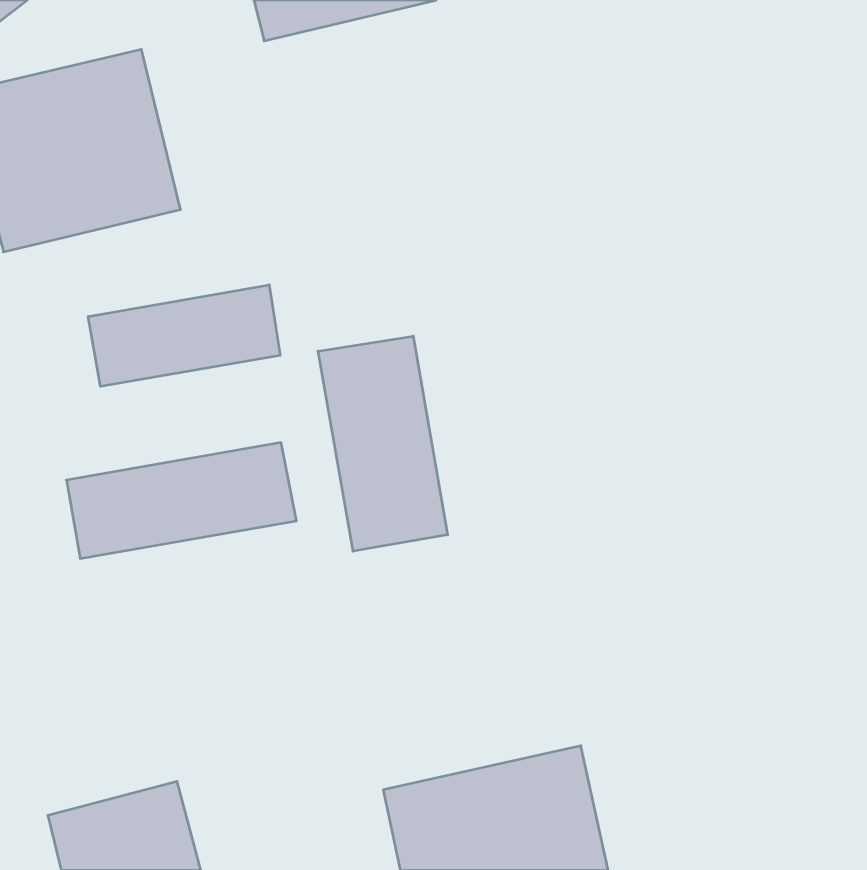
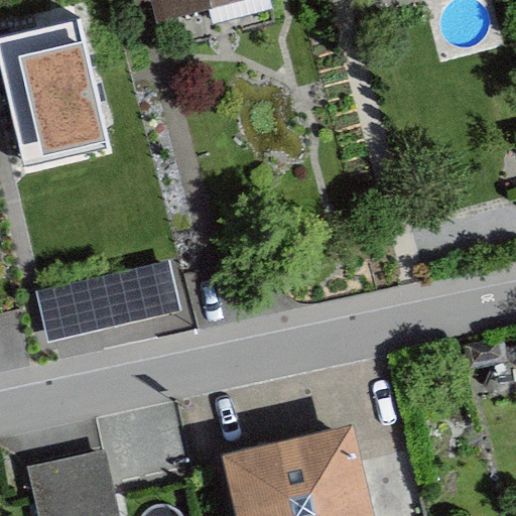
building: [88,285,280,386] -> none
building: [318,336,448,551] -> none

